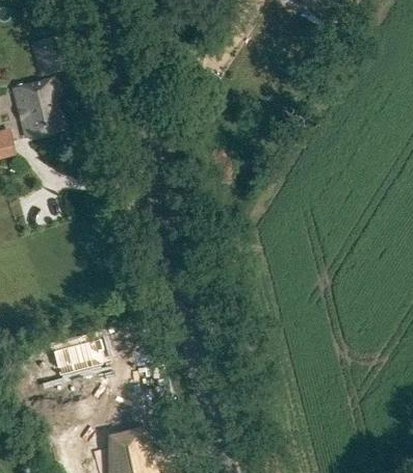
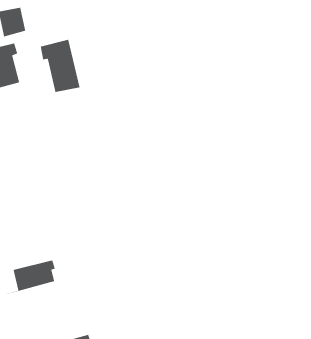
building: none -> [40,39,80,93]

